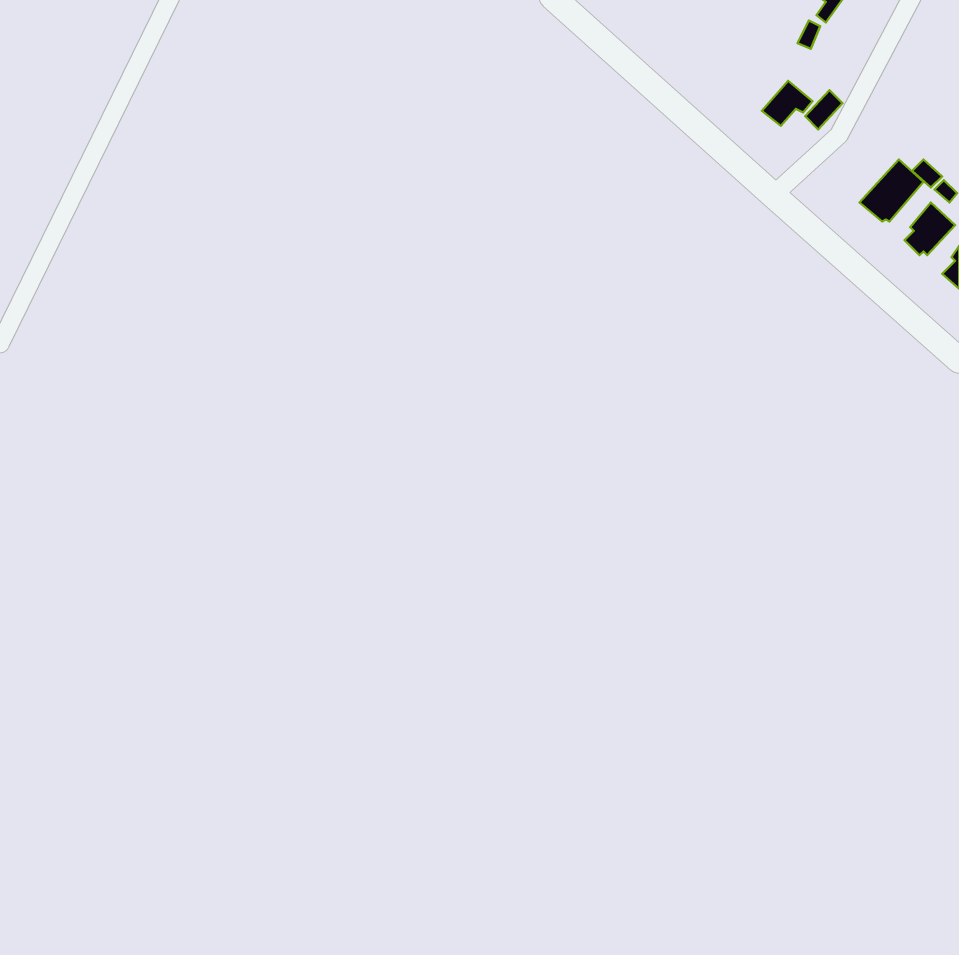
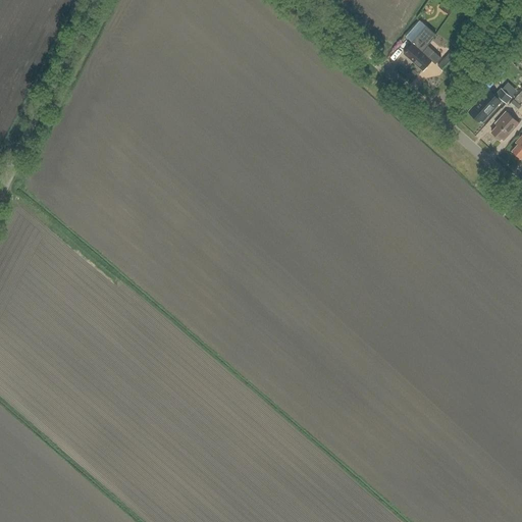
building: none -> [404,23,436,60]

